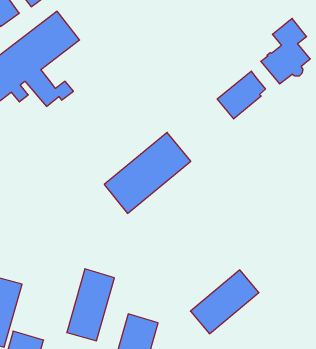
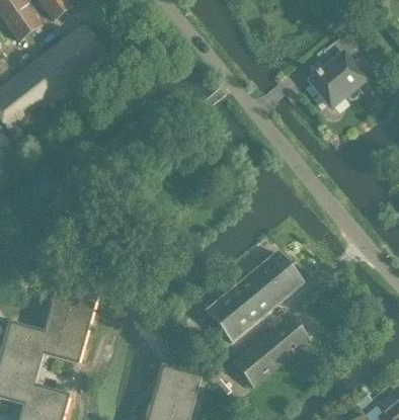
building: [217,71,265,119] -> none
building: [104,132,191,213] -> [207,250,304,341]
building: [67,269,114,341] -> [45,280,98,361]

